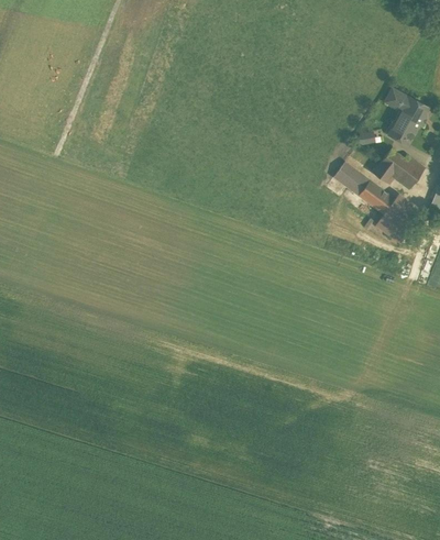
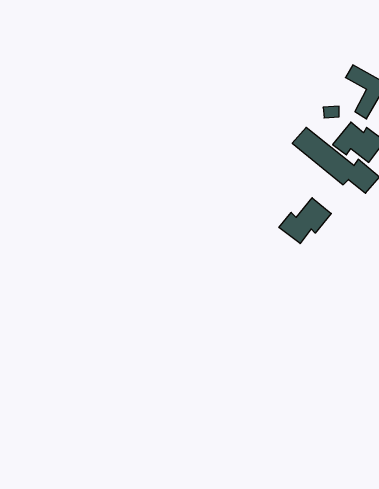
building: none -> [279,198,331,244]

